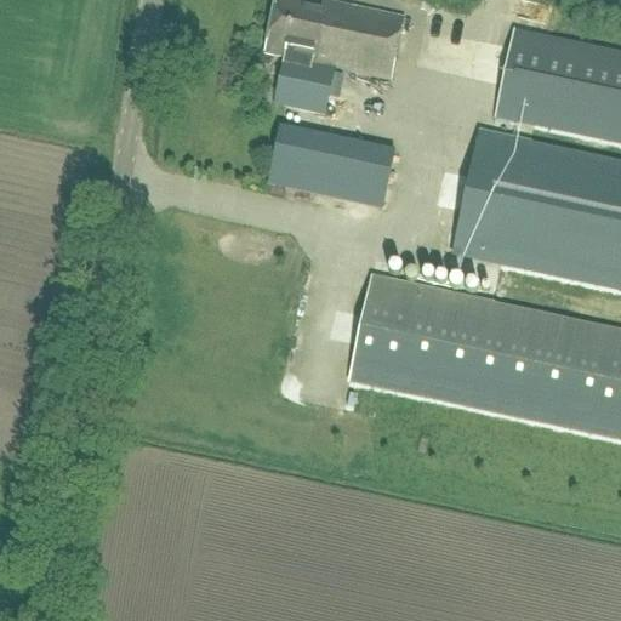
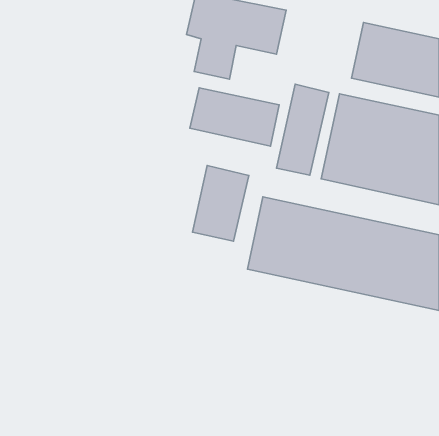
building: none -> [277,84,329,175]
building: none -> [192,166,249,241]

